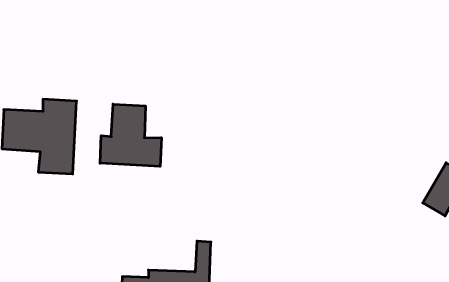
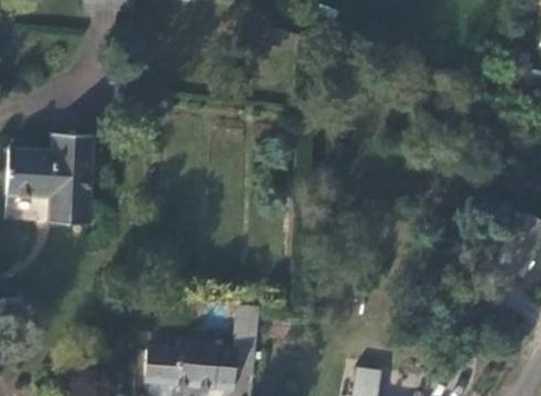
building: [100,104,161,166] -> none

